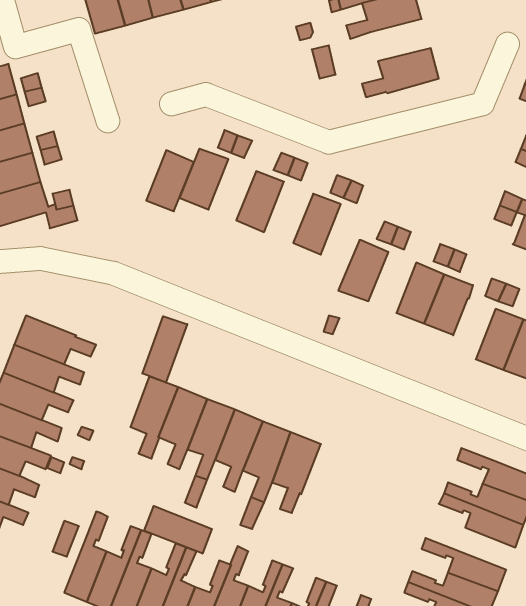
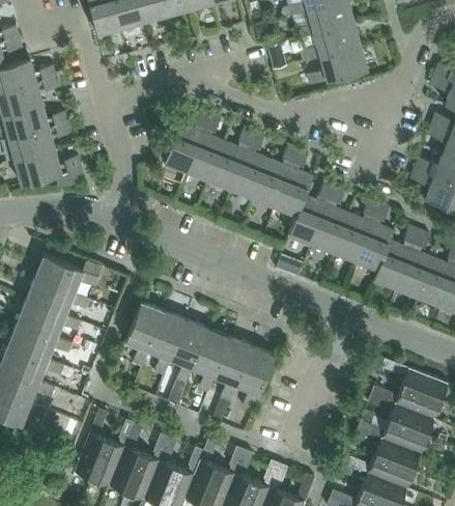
building: none -> [301,23,361,61]
building: [146,150,194,211] -> [187,133,224,180]
building: none -> [230,150,268,198]
building: none -> [275,168,313,216]
building: none -> [312,205,349,253]
building: none -> [373,242,411,289]
building: [142,316,187,383] -> none
building: [144,506,212,554] -> none
building: none -> [357,421,427,454]

